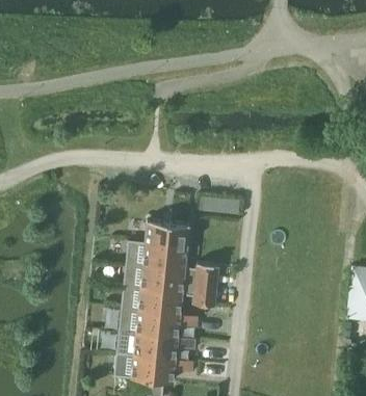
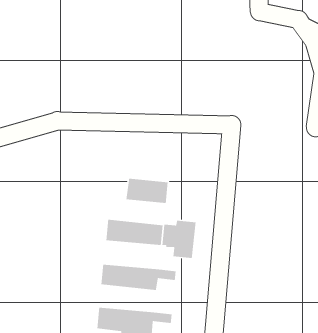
building: [125,241,186,269] -> none
building: [120,286,181,315] -> none
building: [115,332,194,360] -> none

